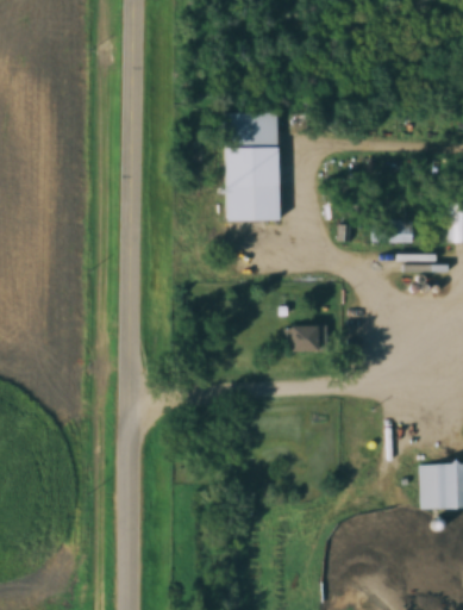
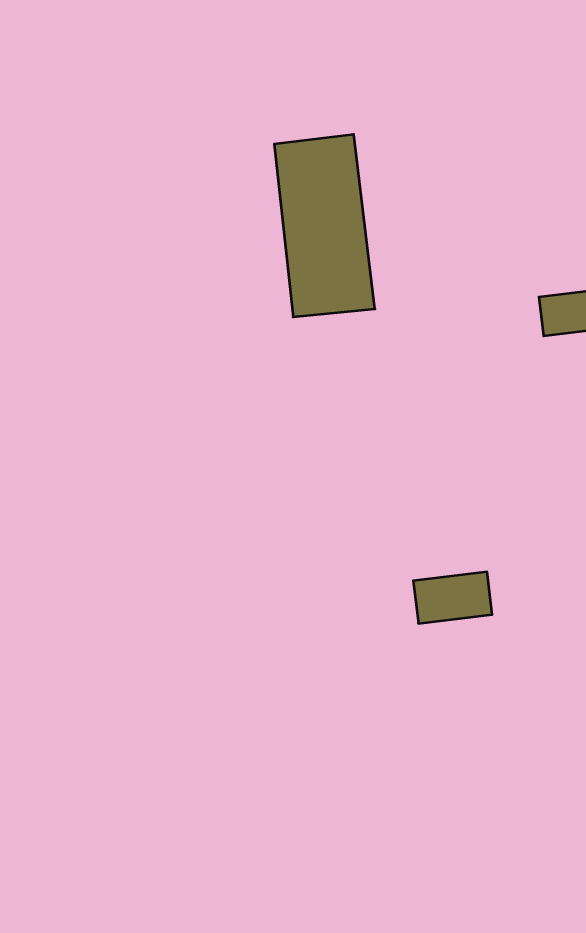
building: [277,326,323,353] -> [413,572,492,623]

